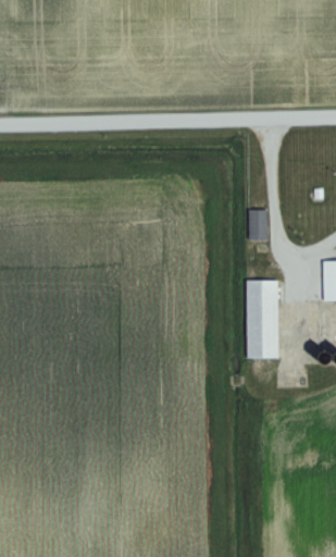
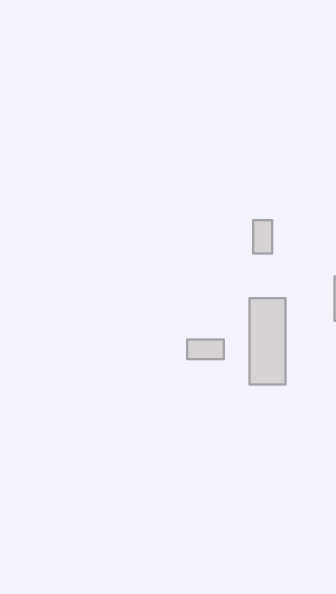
building: none -> [187,340,224,359]

